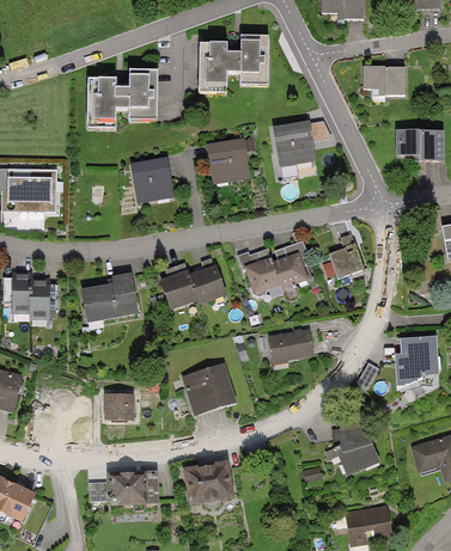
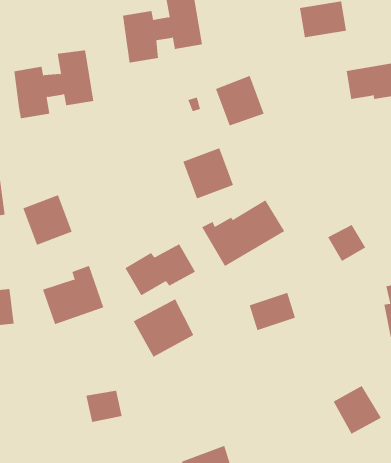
building: [207,137,251,182] -> [182,148,234,199]
building: [130,157,173,201] -> [22,194,73,246]
building: [329,244,364,277] -> [327,224,366,262]
building: [182,362,237,414] -> [133,299,194,358]

